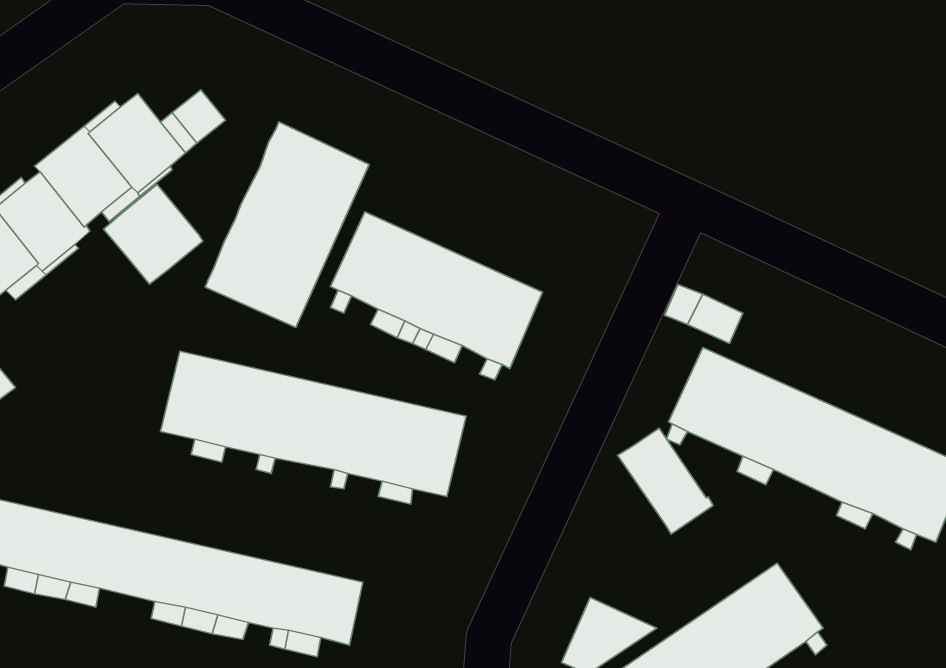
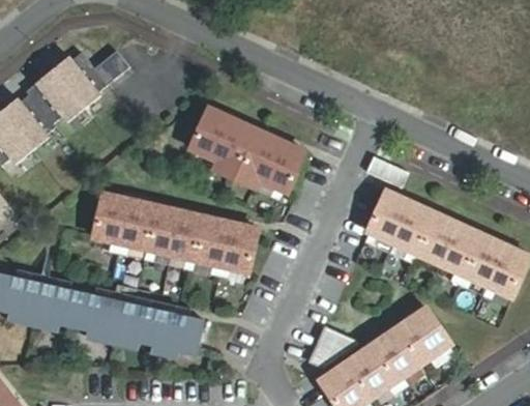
building: [205,122,369,327] -> none
building: [103,184,203,284] -> none
building: [617,428,713,534] -> none

